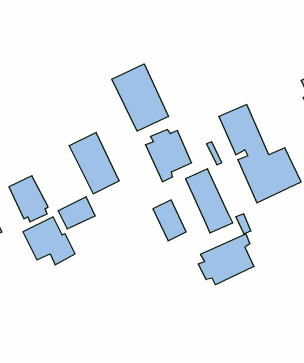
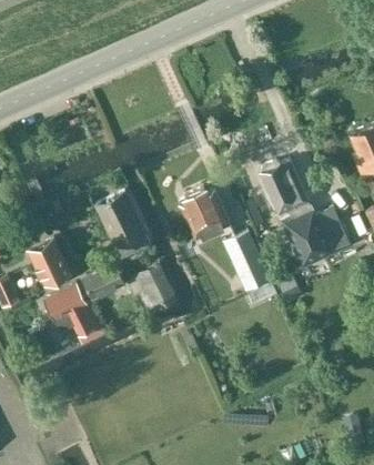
building: [112,64,168,131] -> none
building: [153,200,186,241] -> [139,264,175,310]
building: [198,234,254,285] -> none

